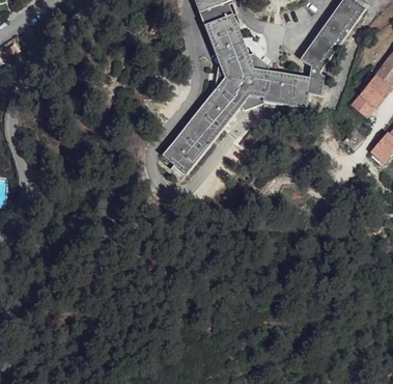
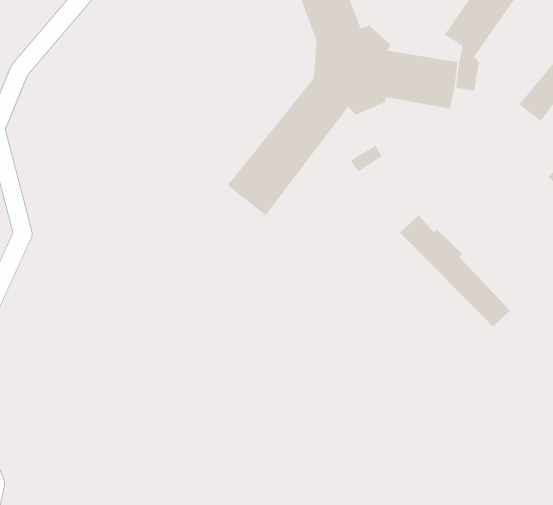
building: none -> [399,214,511,327]

